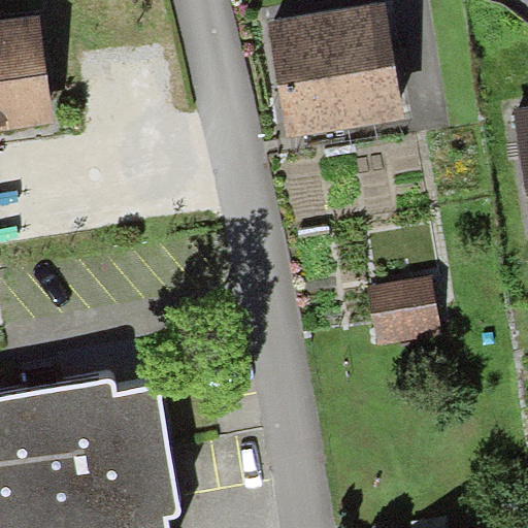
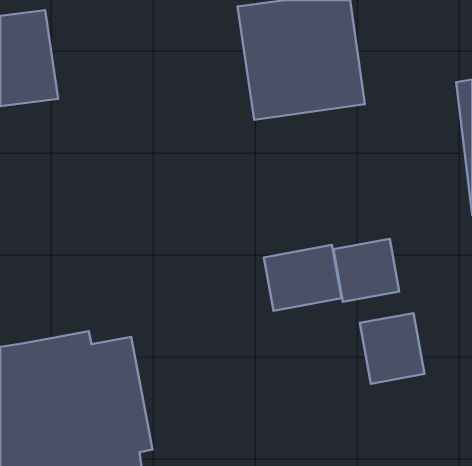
building: none -> [264,245,342,311]
building: none -> [360,313,424,384]

